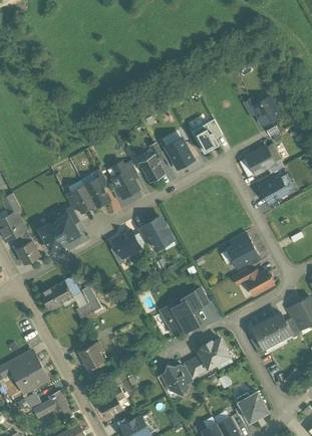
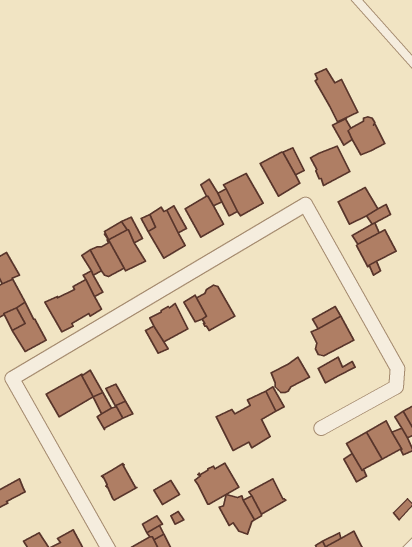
building: none -> [315,69,358,122]
building: none -> [310,146,350,185]
building: [247,270,274,295] -> [271,357,309,393]
building: [199,340,230,369] -> [195,463,239,504]
building: [12,356,47,389] -> none

